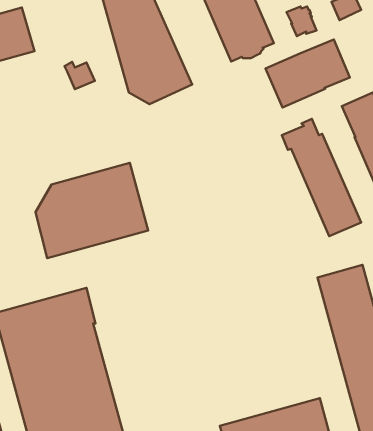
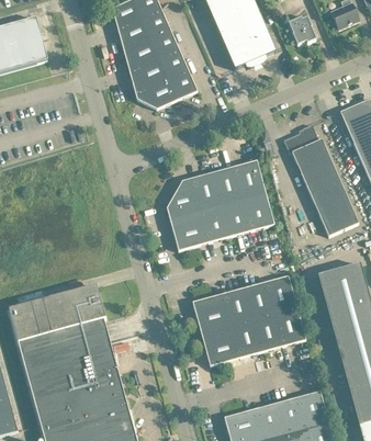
building: [266,40,350,107] -> none
building: [64,62,95,89] -> none
building: [35,163,148,258] -> [167,159,274,250]
building: none -> [192,274,306,365]

